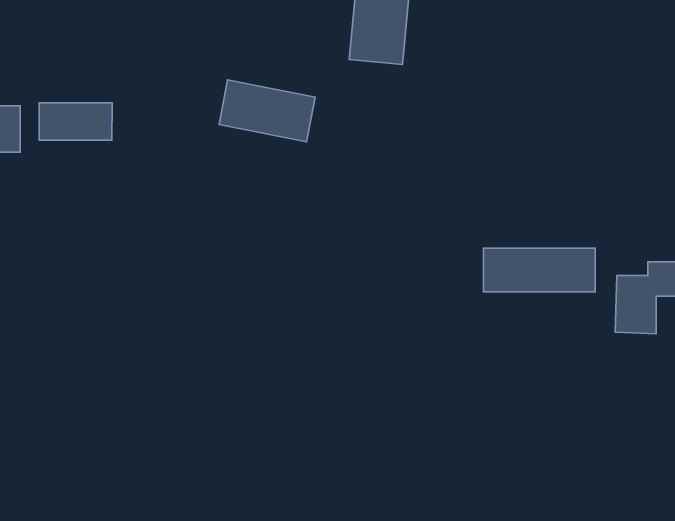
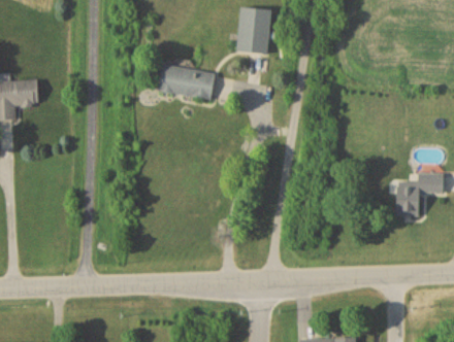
building: [39,103,112,140] -> none
building: [483,248,595,292] -> none

